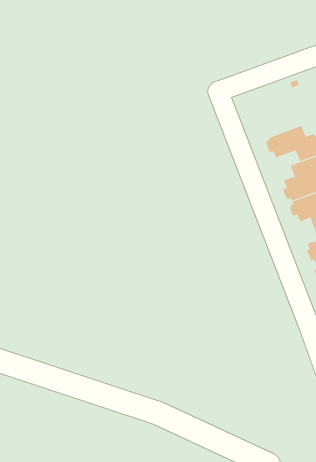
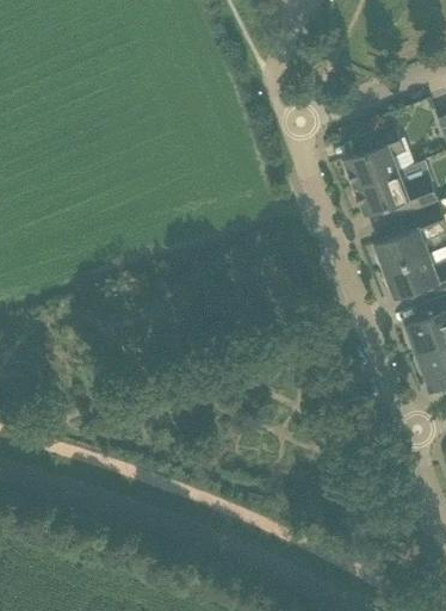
building: none -> [346,124,402,187]

